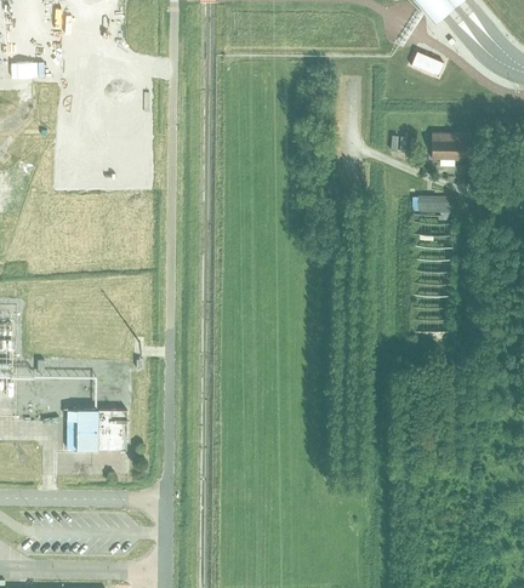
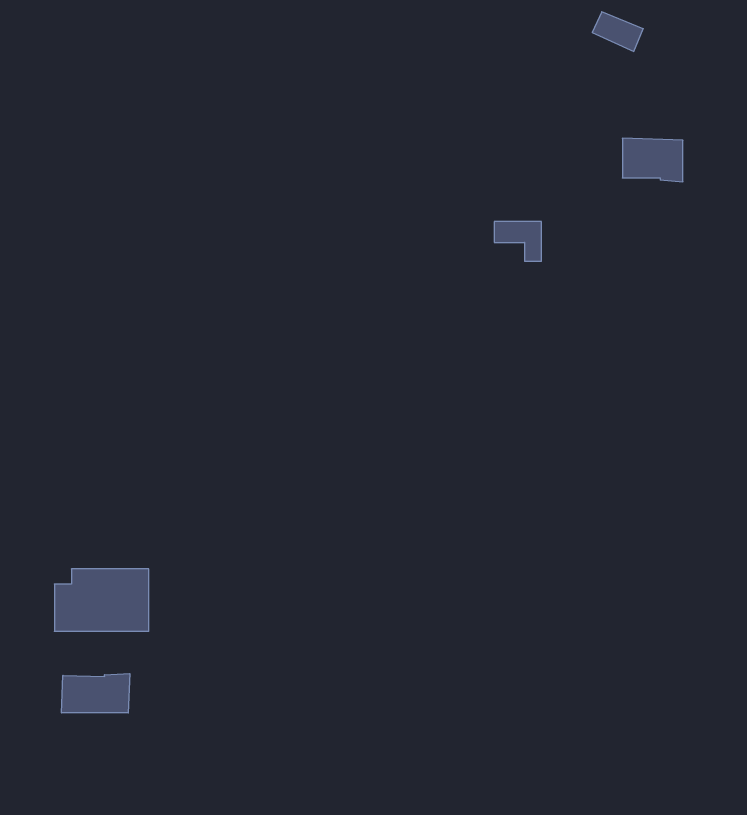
building: [417,199,448,224] -> [494,222,541,261]
building: none -> [62,674,130,713]

